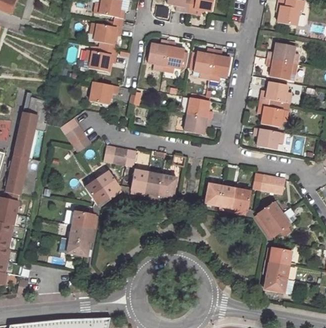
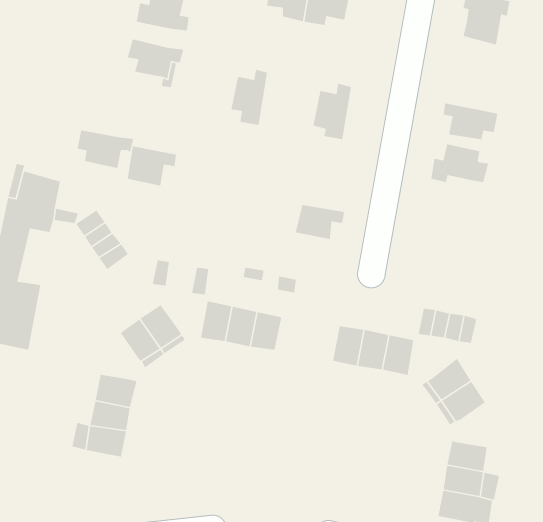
building: [163,41,184,73] -> none
building: [267,42,299,64] -> none
building: [210,49,230,81] -> none
building: [84,50,116,72] -> [77,130,134,169]
building: [187,97,212,119] -> none
building: [257,101,288,126] -> none
building: [252,127,284,149] -> none

